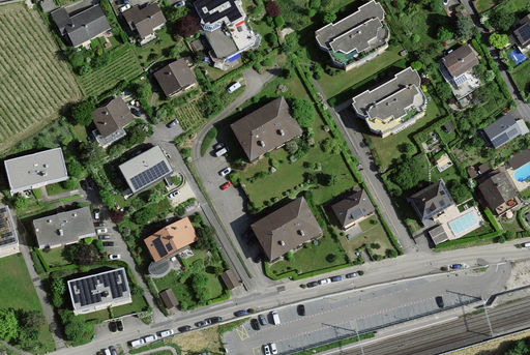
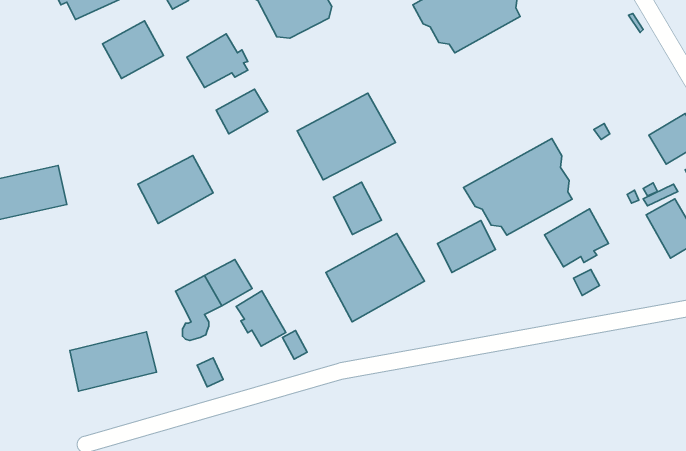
building: [441,42,477,84] -> none
building: [350,66,428,136] -> [463,138,572,235]
building: none -> [216,89,268,134]
building: [89,95,132,137] -> [103,21,163,79]
building: none -> [334,182,382,235]
building: [32,207,94,246] -> none
building: none -> [236,291,286,346]

